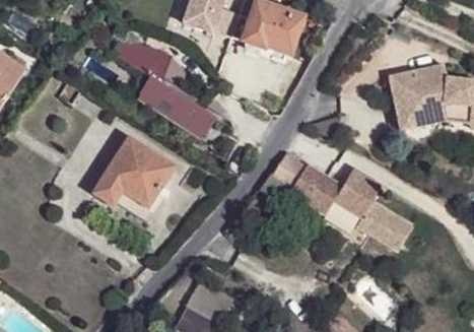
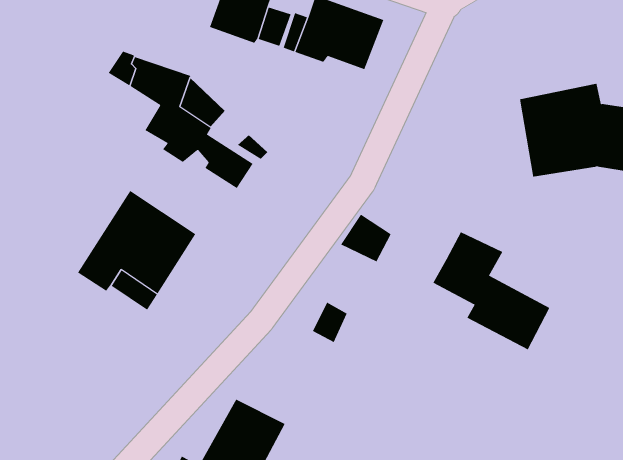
building: [292,164,344,212] -> none

